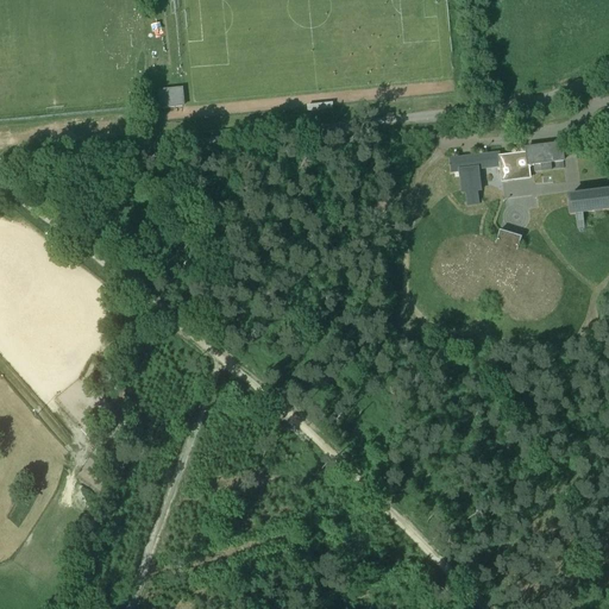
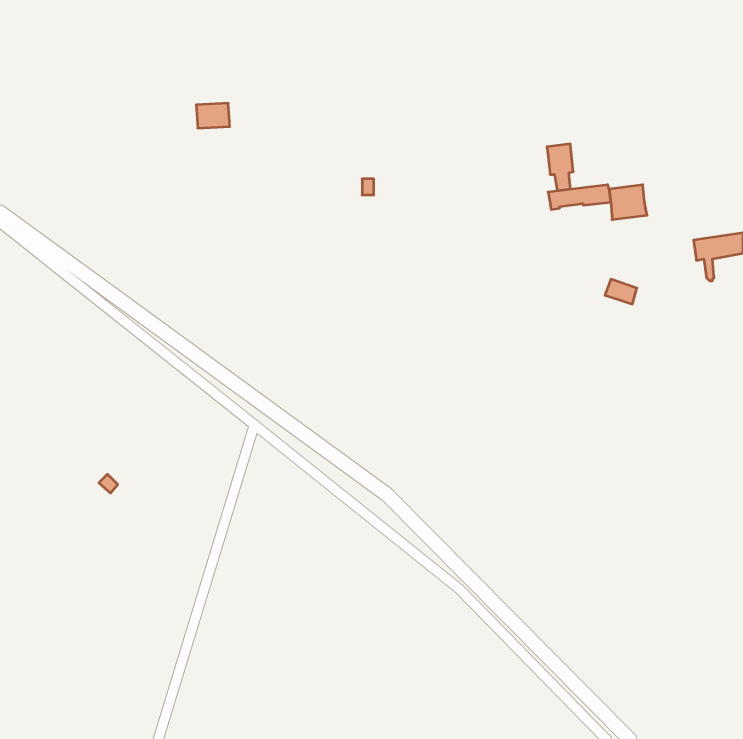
building: [526,142,563,168] -> none
building: [458,167,479,205] -> [547,144,573,190]

